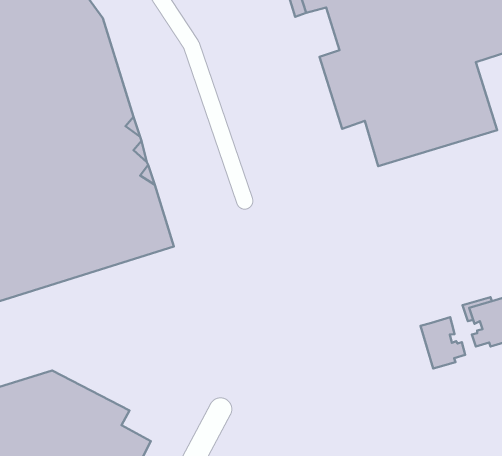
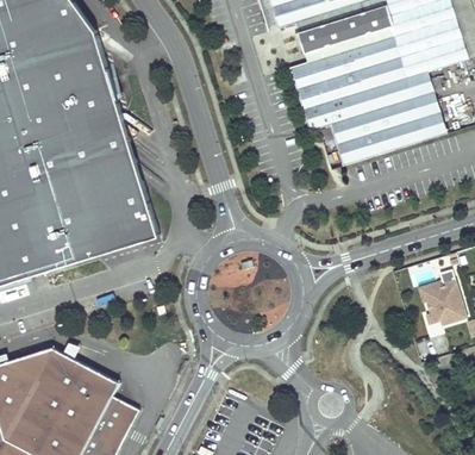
building: [420,317,465,369] -> none

